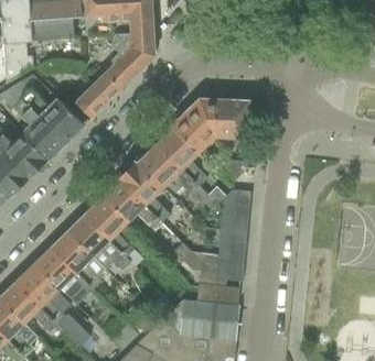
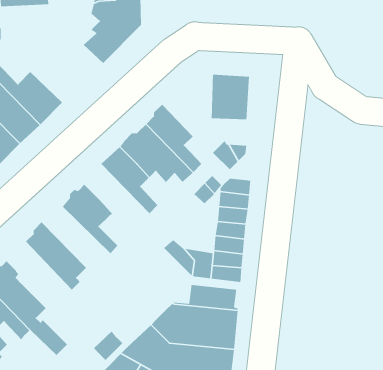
building: [76,74,121,119] -> none
building: [173,99,217,154] -> none
building: [105,178,163,232] -> none
building: [67,216,132,271] -> none
building: [36,247,94,305] -> none

